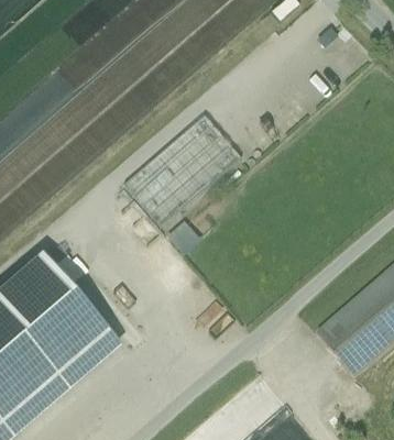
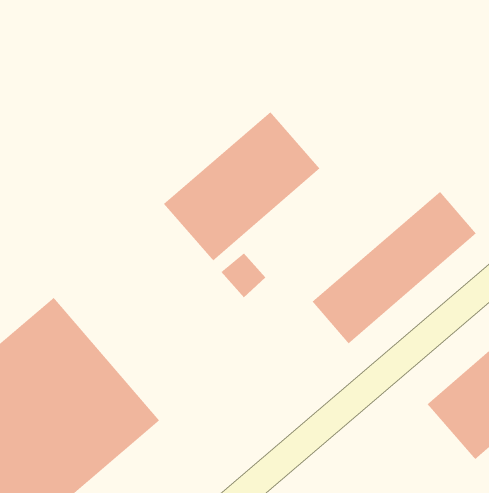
building: none -> [312,191,477,344]

